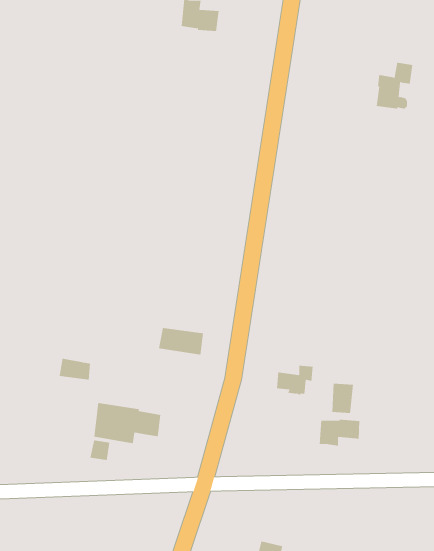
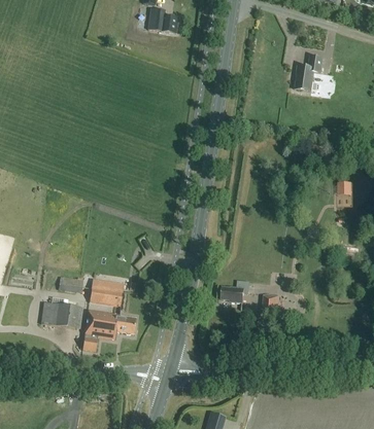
building: [158,328,204,355] -> [90,286,124,307]
building: none -> [41,301,83,329]
building: [319,419,360,447] -> none

